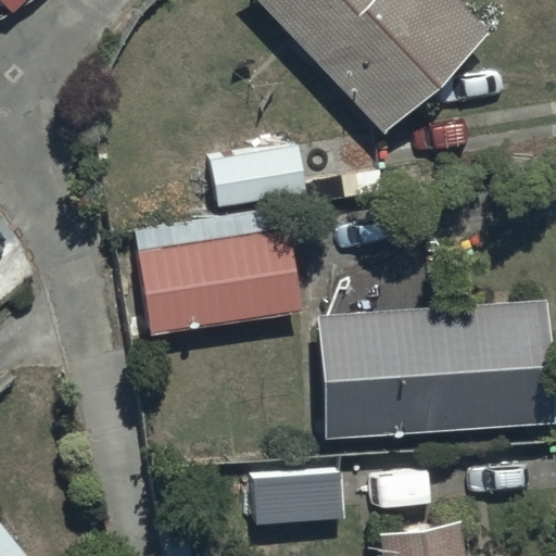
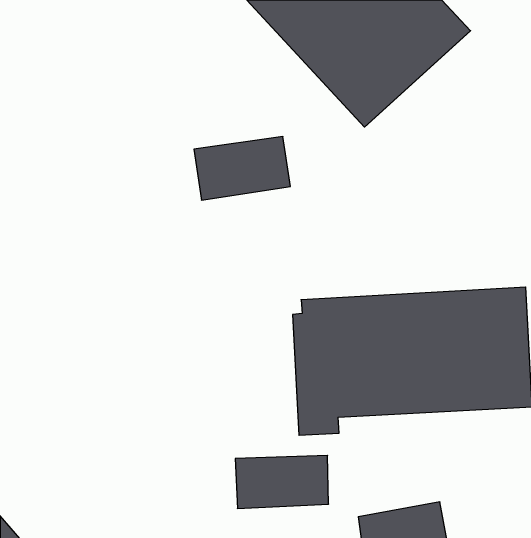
building: [135,210,303,357] -> none

